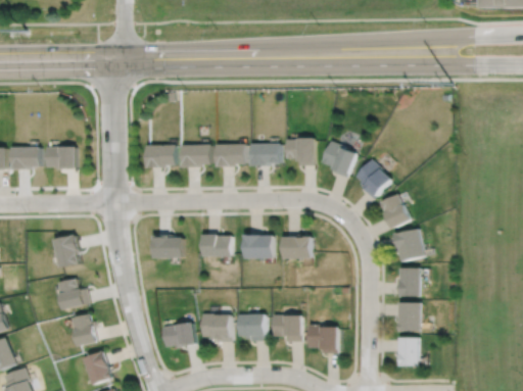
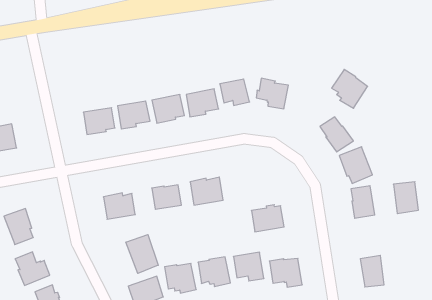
building: [354,157,390,197] -> [332,69,368,108]
building: [281,233,311,256] -> [251,205,284,232]
building: none -> [126,235,158,273]
building: [397,300,420,330] -> [393,182,418,214]

